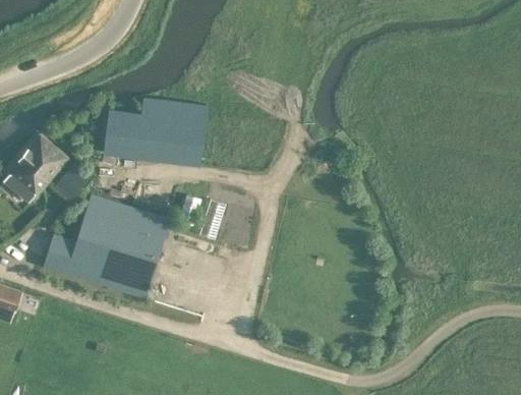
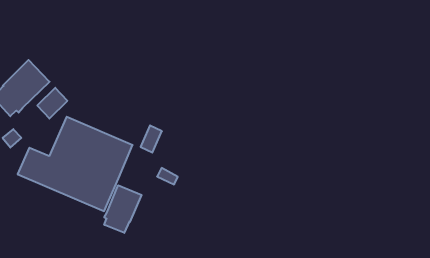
building: [103,99,206,166] -> none
building: none -> [104,185,142,233]

